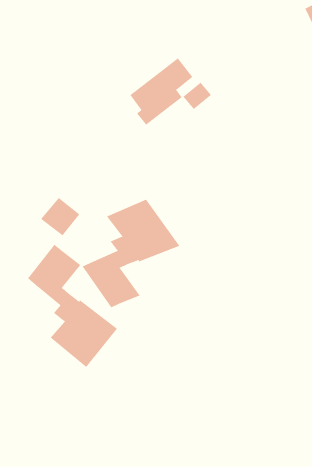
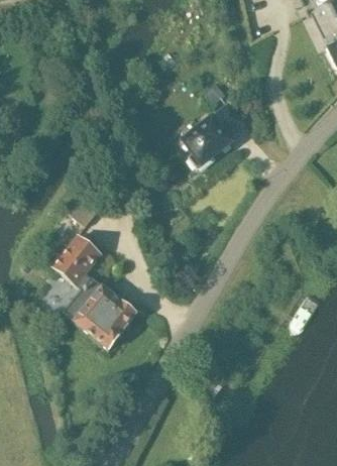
building: [130,57,193,125] -> [183,103,242,166]
building: [82,199,180,308] -> none

